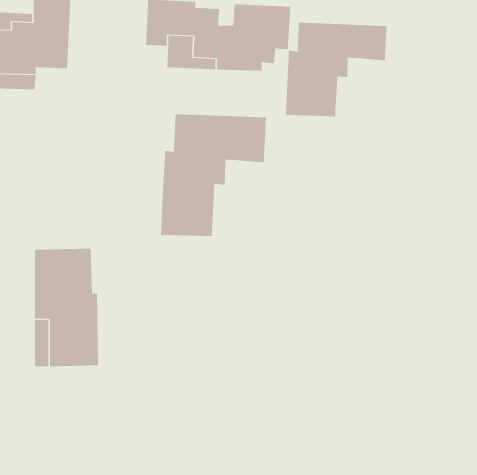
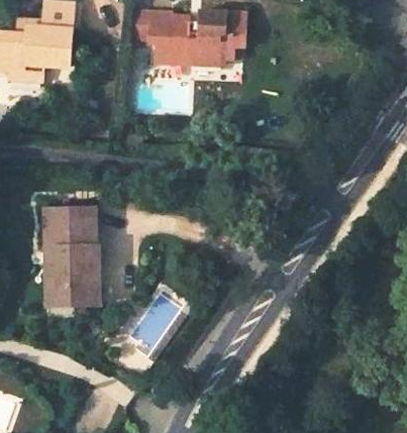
building: [285,22,387,117] -> none
building: [160,114,266,237] -> none

